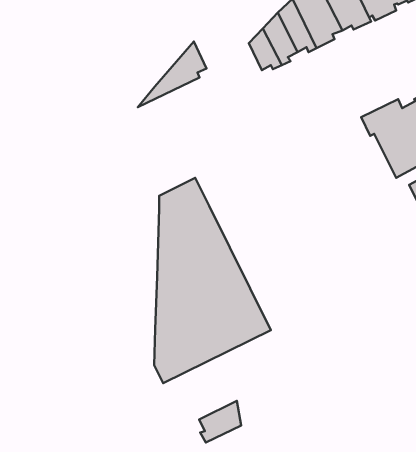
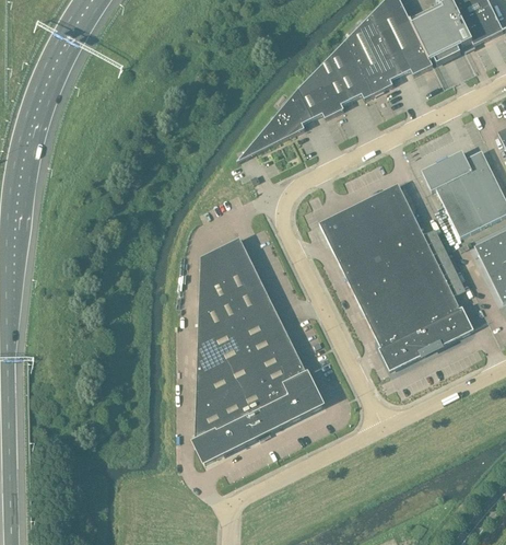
building: [138,42,207,107] -> [237,89,313,161]
building: none -> [319,183,473,371]
building: [199,401,241,442] -> none

